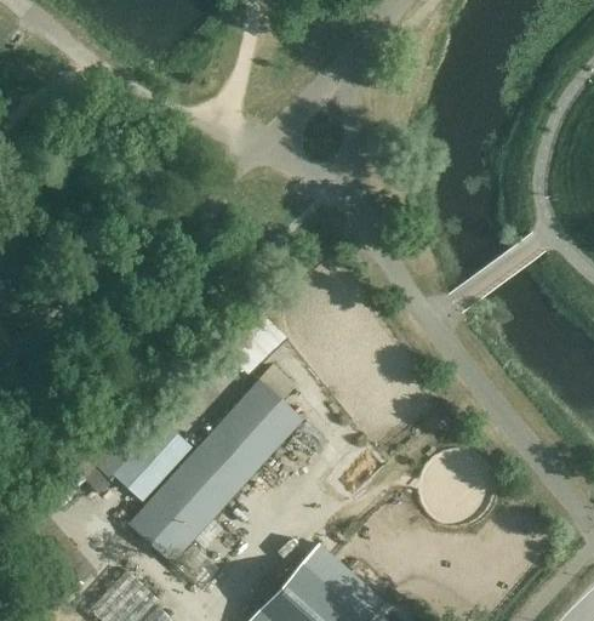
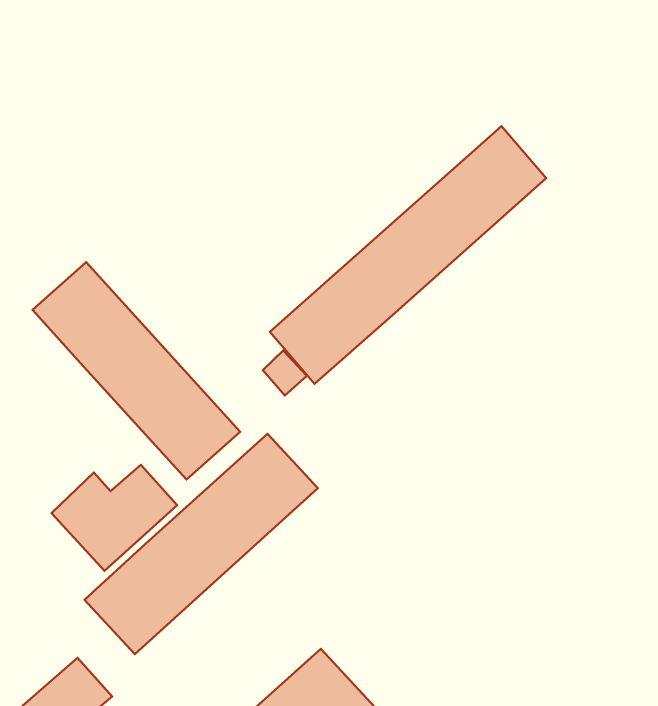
building: none -> [270,126,546,384]
building: none -> [32,262,240,480]

